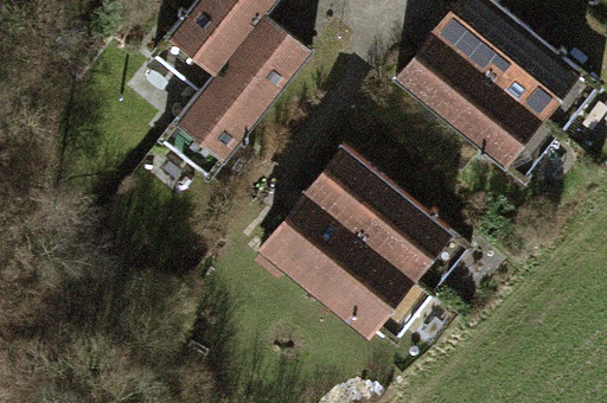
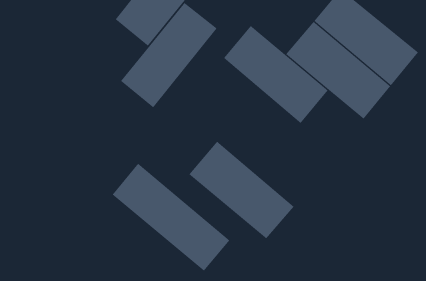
building: [306,155,452,292] -> [223,25,328,124]
building: none -> [112,163,230,272]

